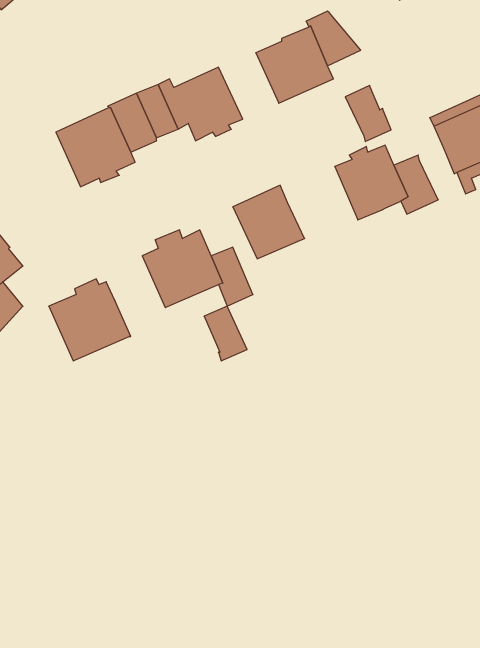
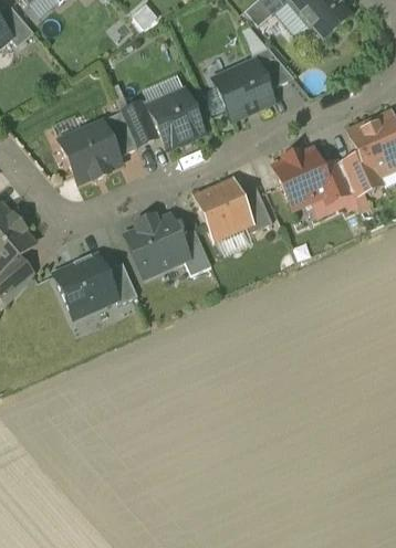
building: [345,85,391,142] -> [338,152,374,196]
building: none -> [237,185,271,231]
building: [204,306,247,361] -> [104,261,137,303]

